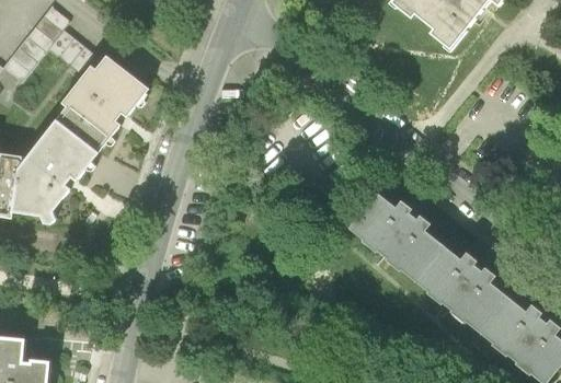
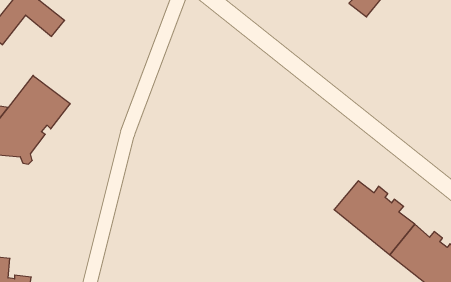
building: [58,56,151,152] -> none
building: [346,189,440,277] -> none

